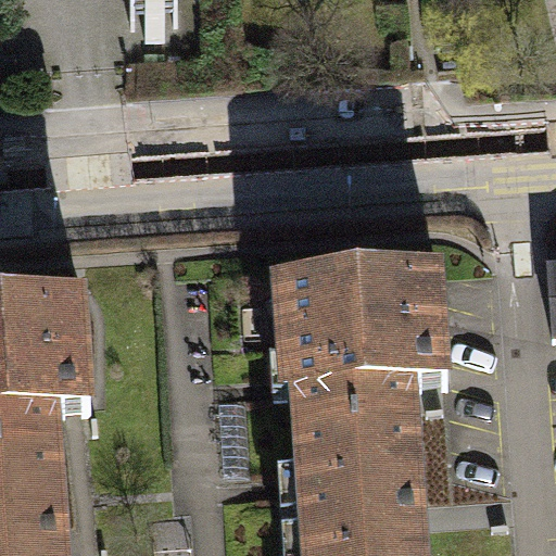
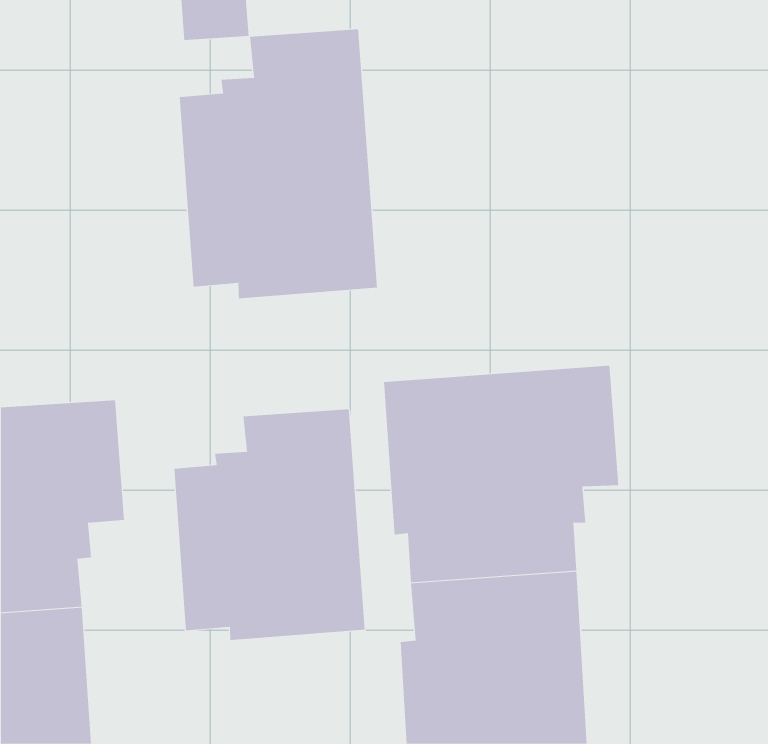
building: none -> [179,28,377,299]
building: none -> [174,408,365,641]

